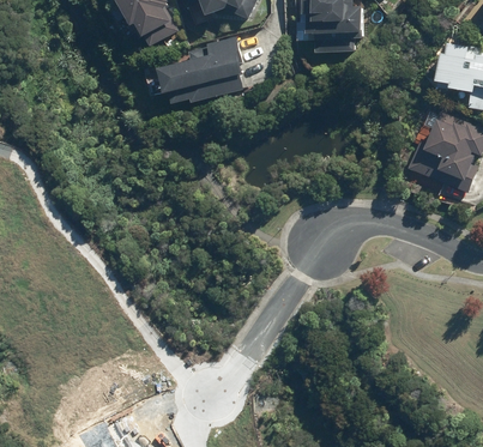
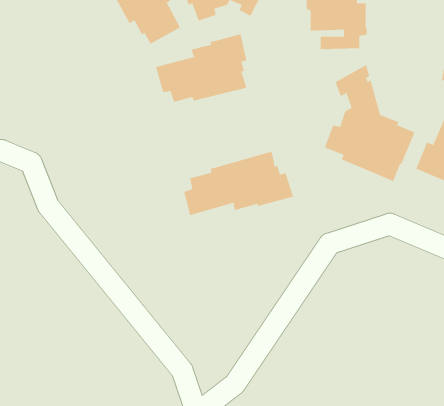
building: none -> [324,64,415,182]
building: none -> [184,151,294,216]

